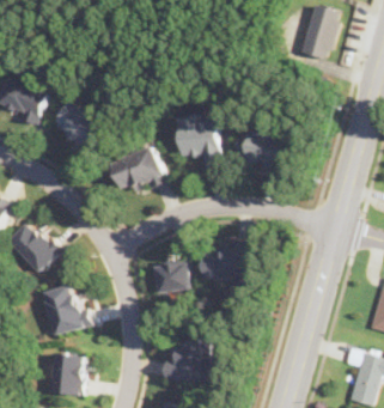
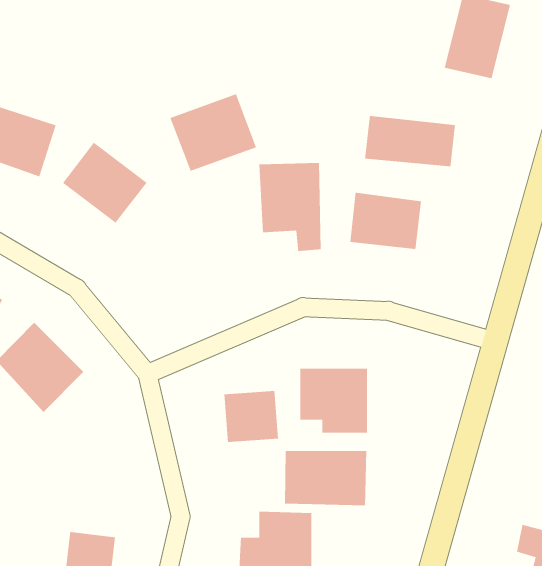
building: none -> [365,115,455,167]
building: [111,147,167,197] -> [170,94,257,172]
building: [42,284,89,335] -> none
building: none -> [284,450,367,506]

